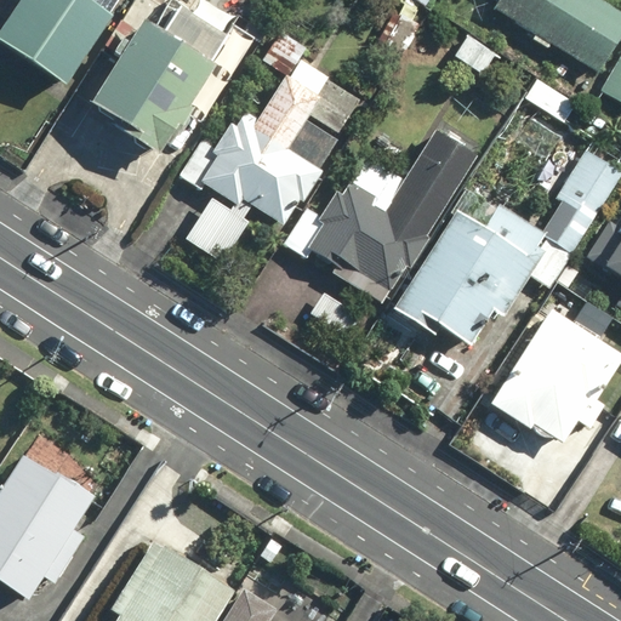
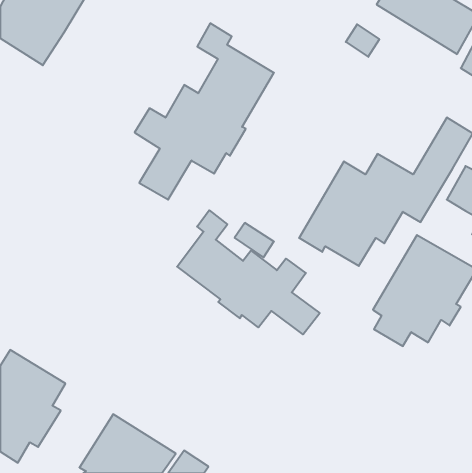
building: [90,8,227,156] -> none
building: [302,127,475,301] -> none
building: none -> [177,210,320,334]

